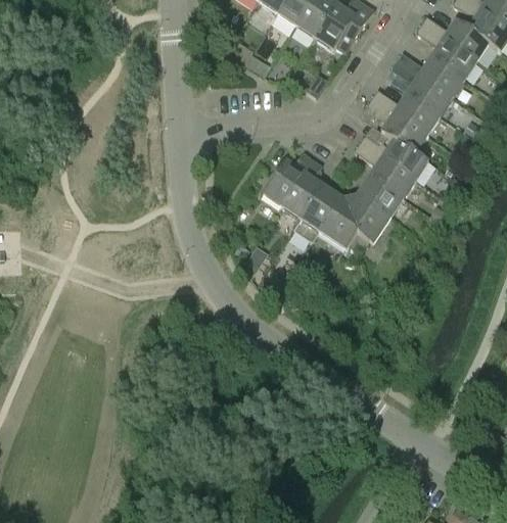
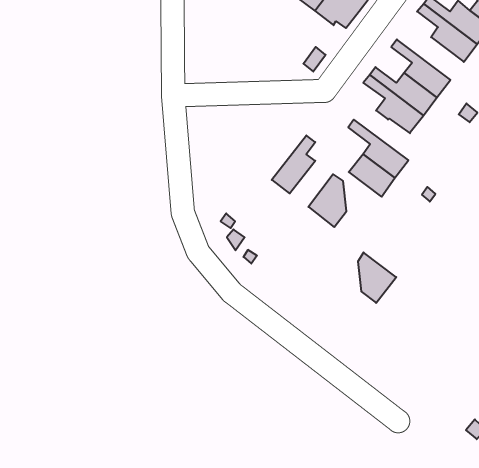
building: [398,51,465,96] -> none
building: [360,133,429,178] -> none
building: [264,153,314,205] -> none
building: [294,184,342,239] -> none
building: [353,193,391,242] -> [358,252,396,303]

